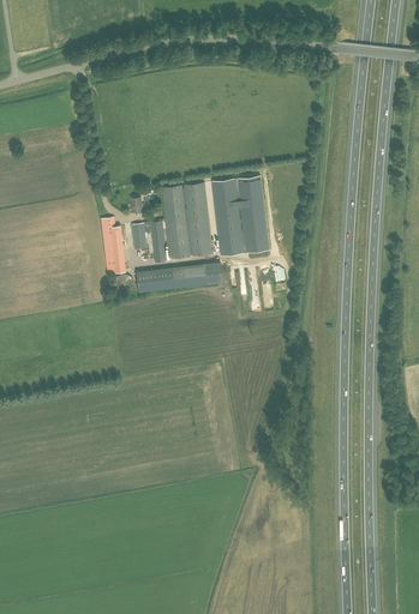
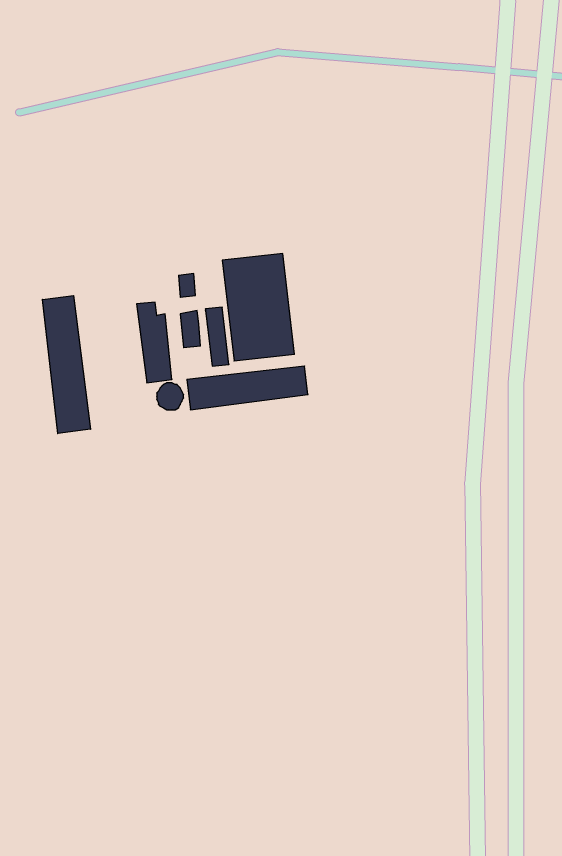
building: [213,176,270,255] -> none
building: none -> [42,296,91,434]

